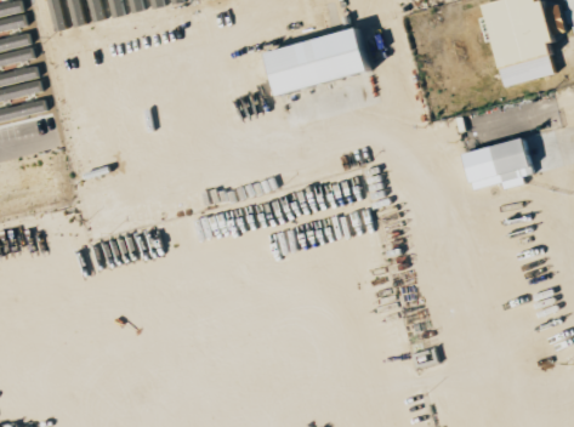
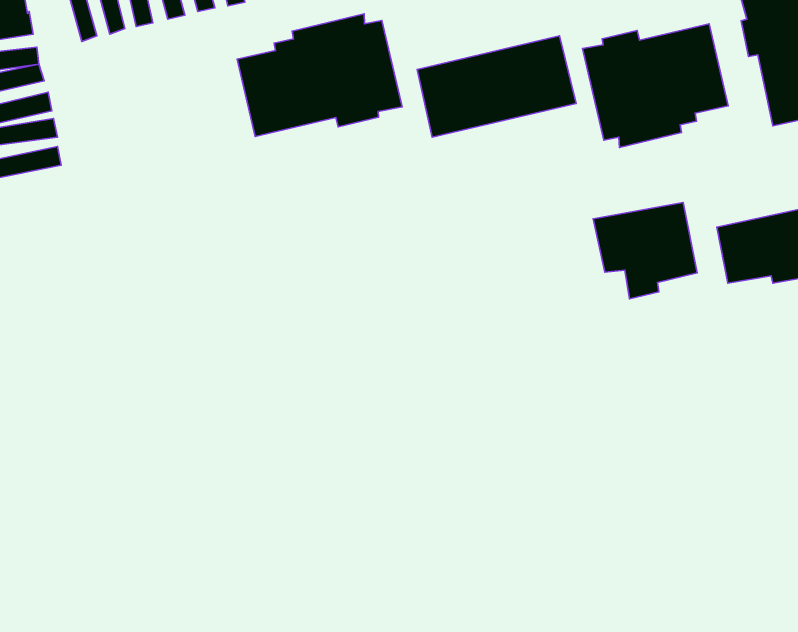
building: none -> [237,14,402,137]
building: none -> [582,24,728,148]
building: none -> [593,203,697,299]

